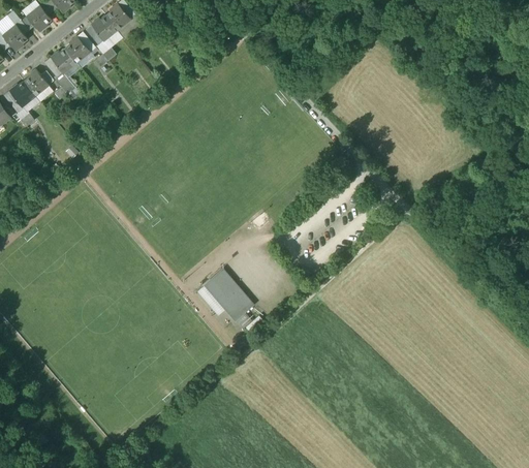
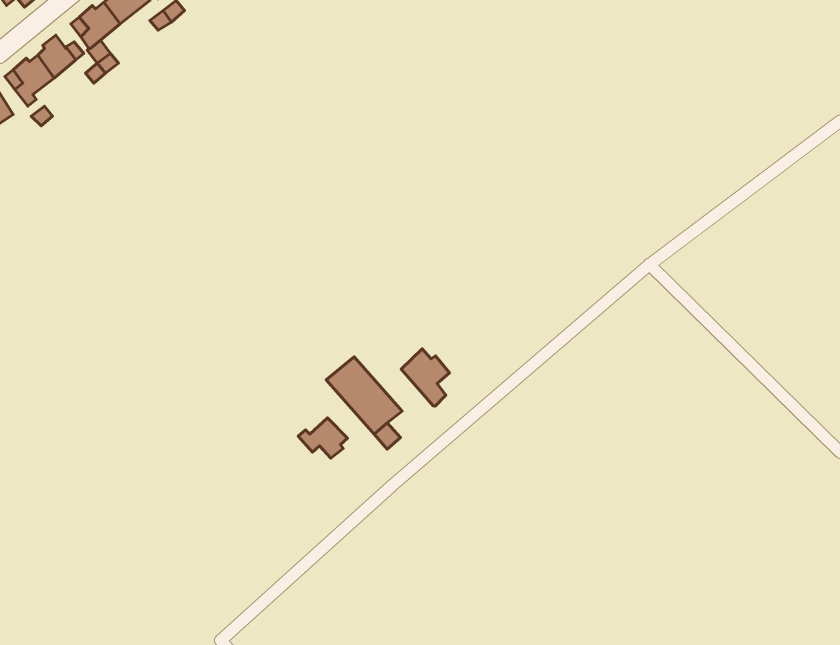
building: none -> [401,349,450,406]
building: none -> [298,418,347,458]

